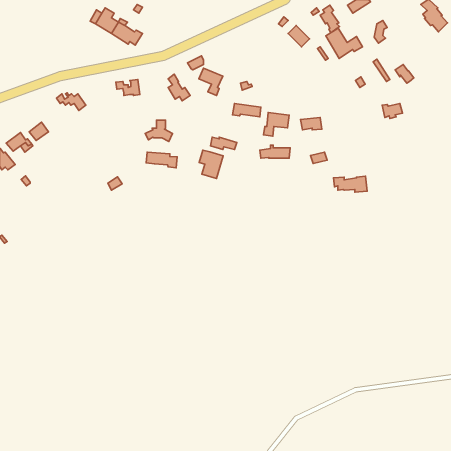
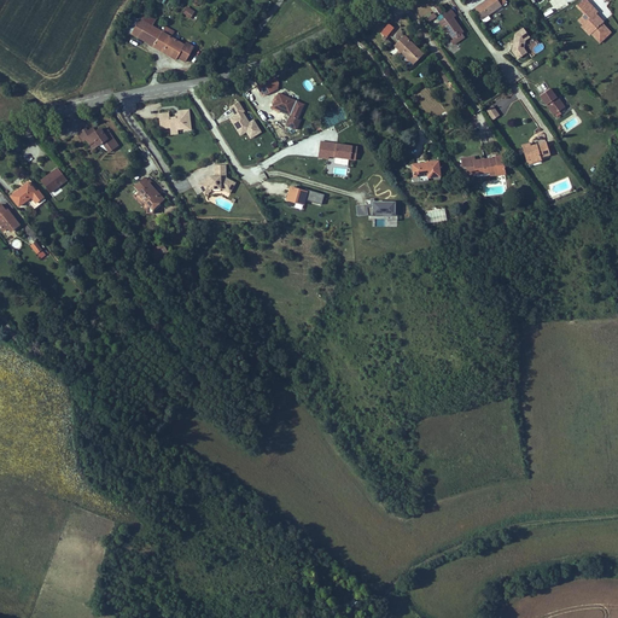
building: [326,28,362,58] -> none
building: [263,112,289,136] -> none
building: none -> [133,176,164,214]
building: [199,150,223,178] -> none
building: [146,152,177,168] -> none
building: [334,176,367,192] -> [460,154,506,176]

